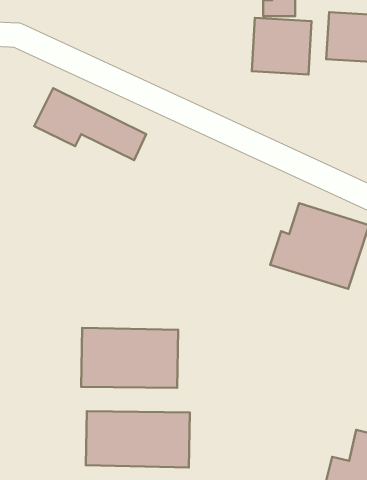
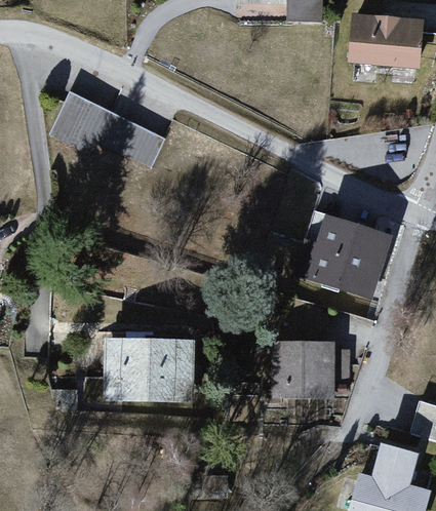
building: [252,18,311,74] -> none
building: none -> [269,340,339,395]
building: [86,411,190,467] -> none

